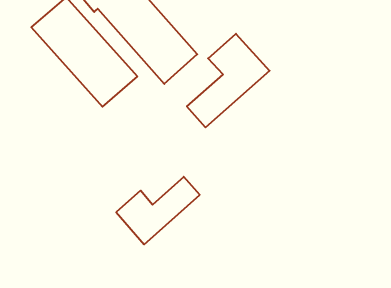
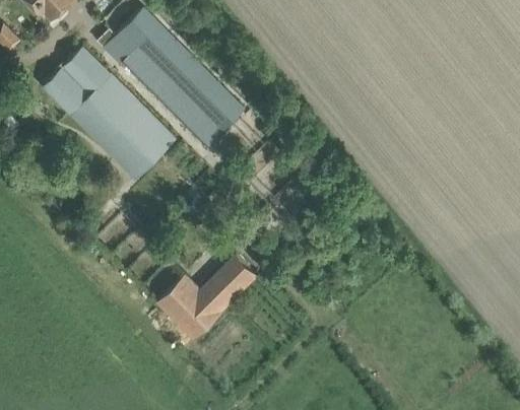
building: [187,34,270,127] -> none

